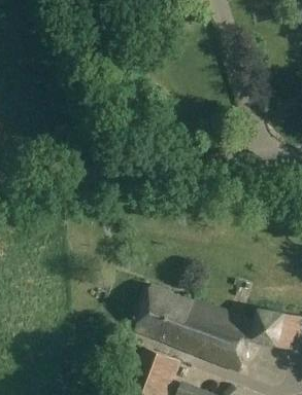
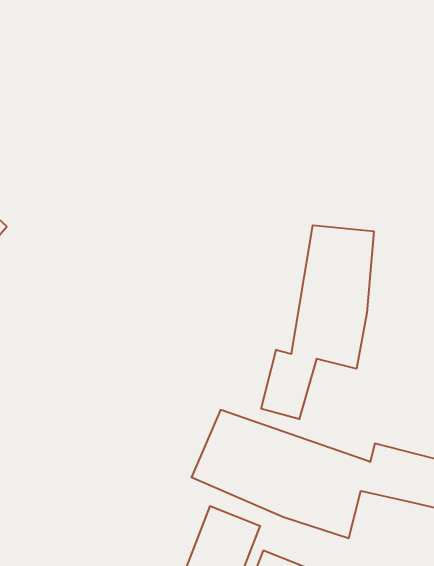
building: none -> [261,225,374,419]

